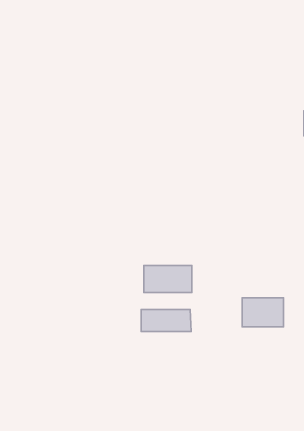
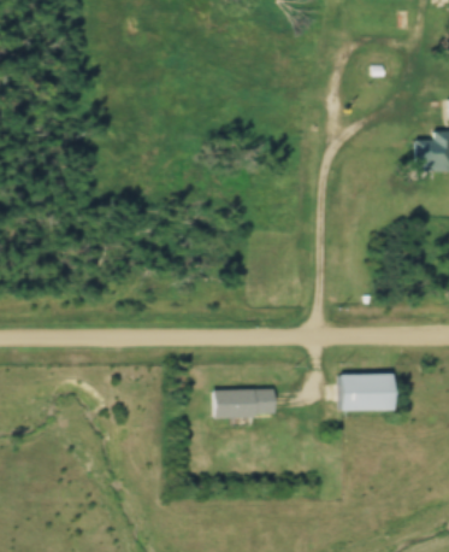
building: [144,266,192,293] -> none

